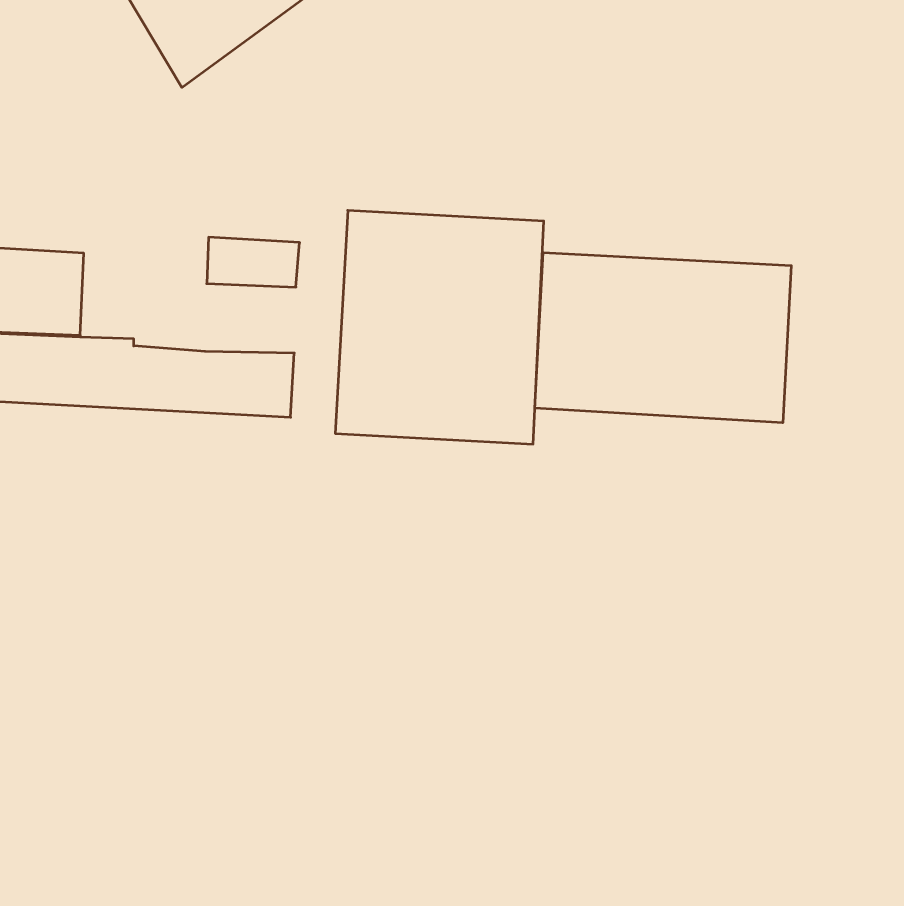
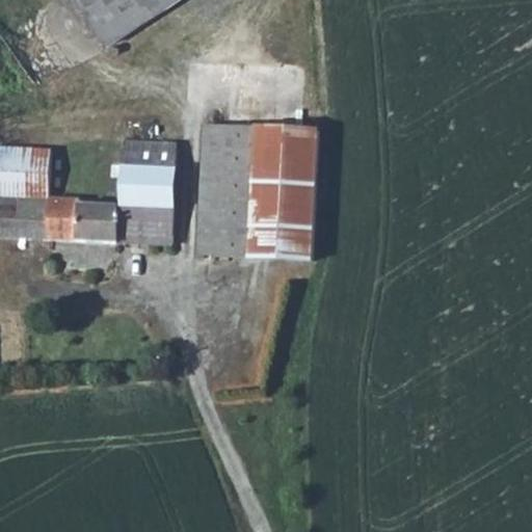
building: [535,252,791,423] -> none
building: none -> [119,165,172,206]

